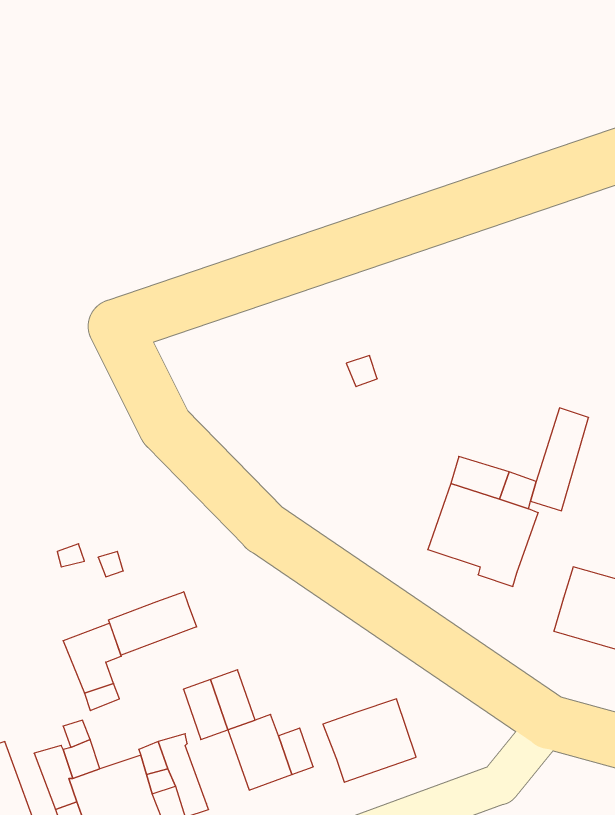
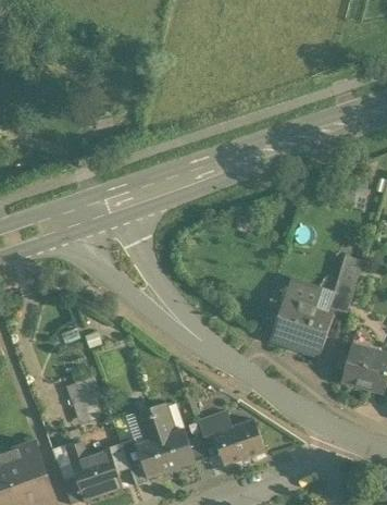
building: [108,592,197,655] -> none
building: none -> [197,410,230,456]
building: none -> [135,435,171,477]

